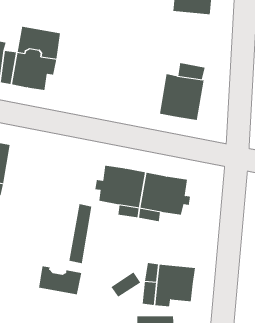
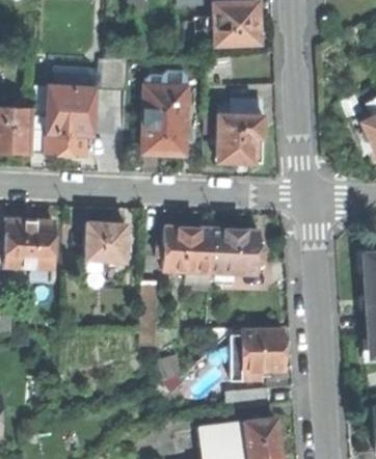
building: none -> [144,86,188,154]
building: none -> [86,223,127,261]
building: [38,265,82,295] -> none

